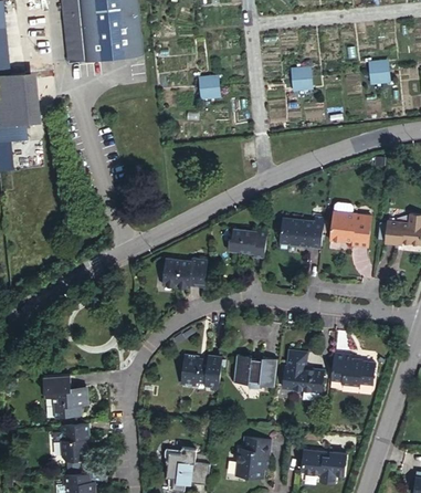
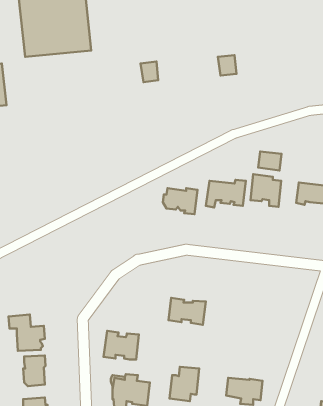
building: [370,60,392,83] -> none
building: none -> [258,152,281,171]
building: [162,256,208,287] -> none
building: [282,347,323,390] -> none
building: [180,353,222,387] -> [104,331,139,360]
building: [330,353,376,386] -> none

